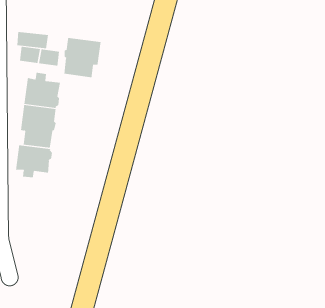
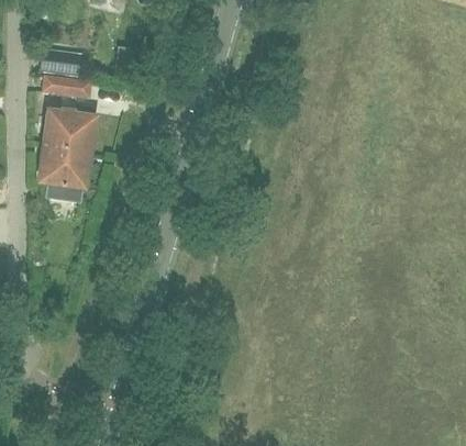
building: [64,37,101,78] -> none
building: [16,144,52,178] -> none

